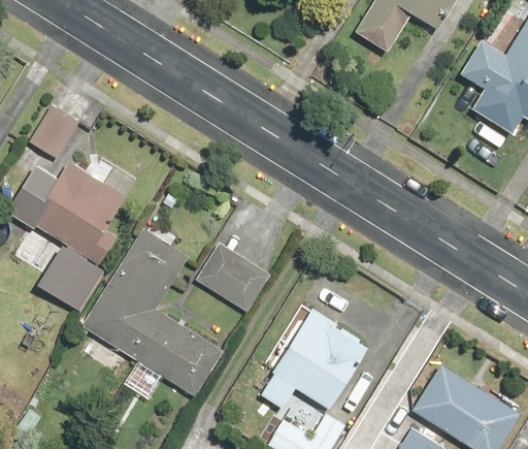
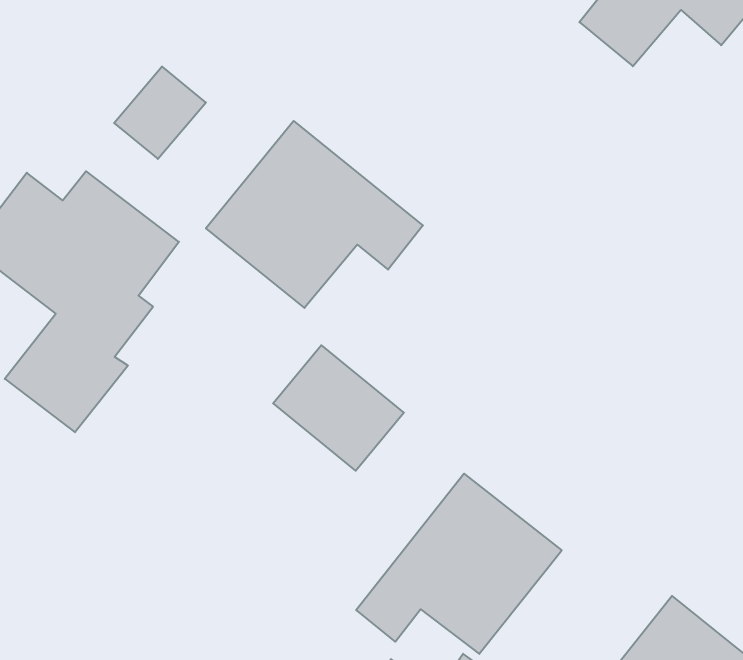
building: [28,105,79,159] -> [114,67,206,159]
building: none -> [206,121,423,308]
building: [80,227,228,398] -> none

